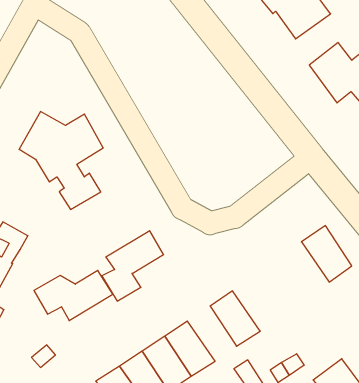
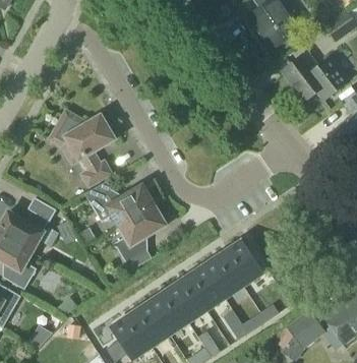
building: [301,226,352,282] -> [220,240,260,286]
building: [34,270,113,321] -> [88,185,153,226]
building: none -> [183,265,223,310]

